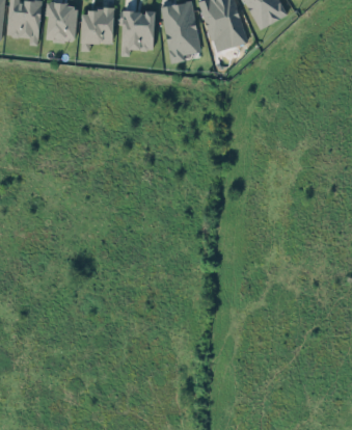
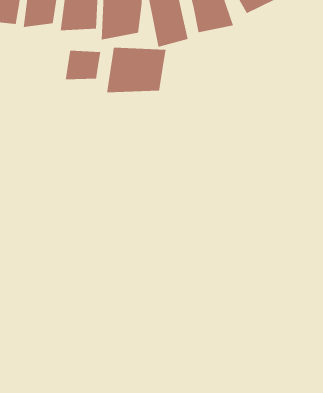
building: none -> [106,47,166,93]
building: none -> [65,50,101,80]

